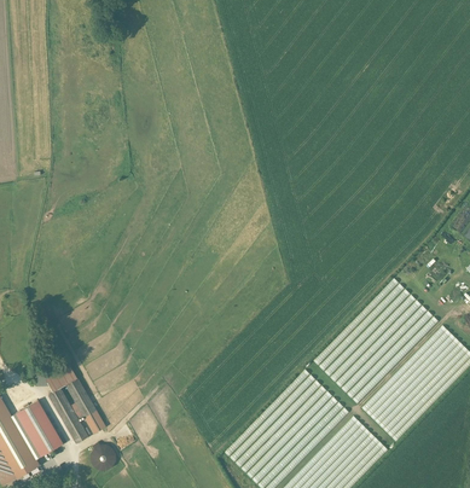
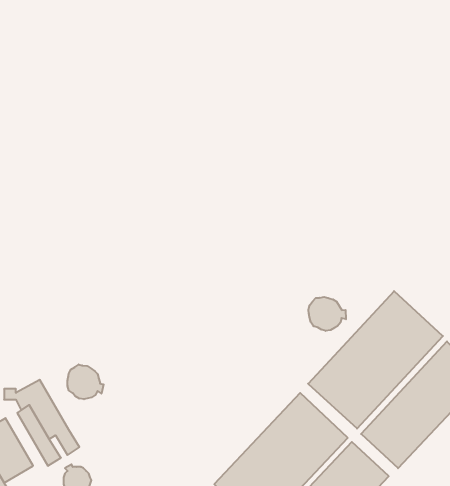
building: none -> [308,297,346,331]
building: none -> [68,364,104,399]

